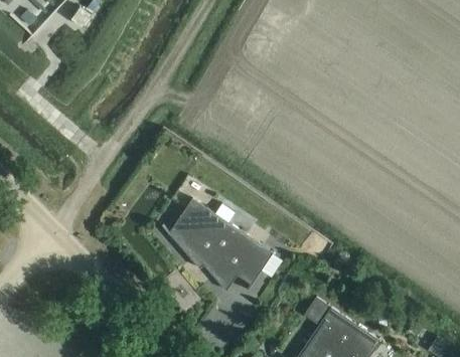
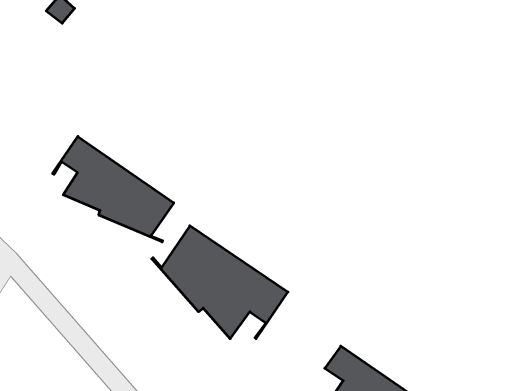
building: none -> [53,136,174,242]

